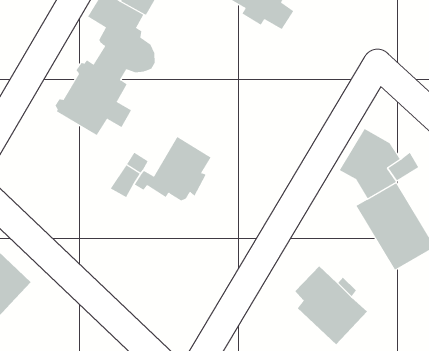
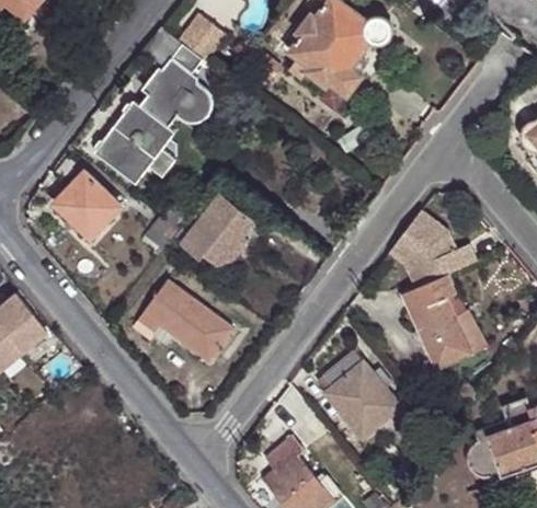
building: none -> [55,173,119,239]
building: none -> [132,281,232,361]

